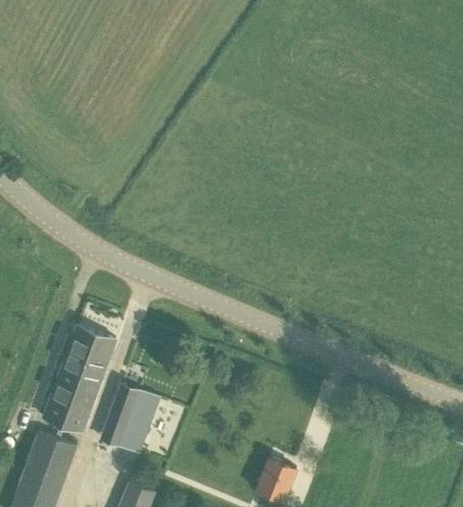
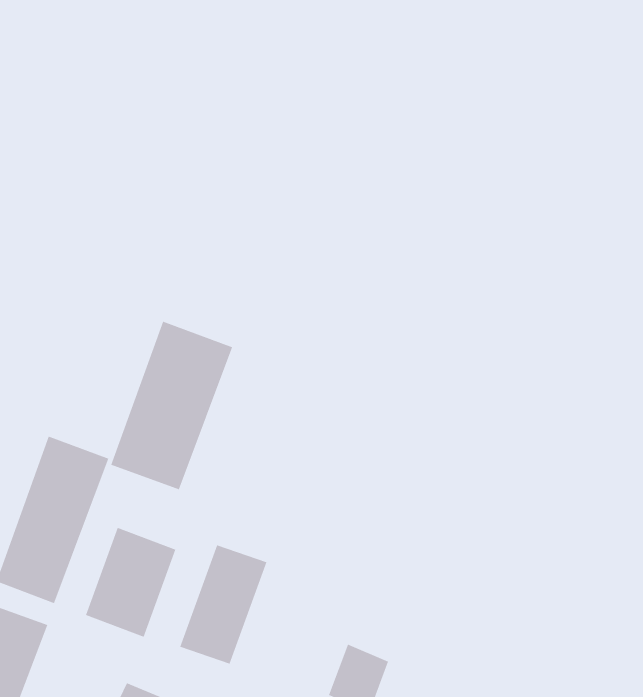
building: none -> [111,321,233,490]
building: none -> [179,545,267,665]

